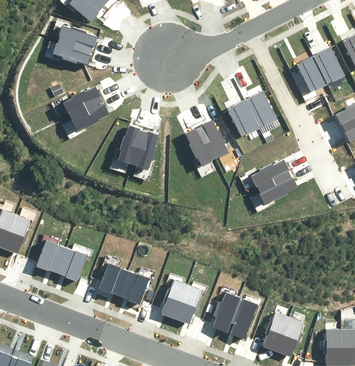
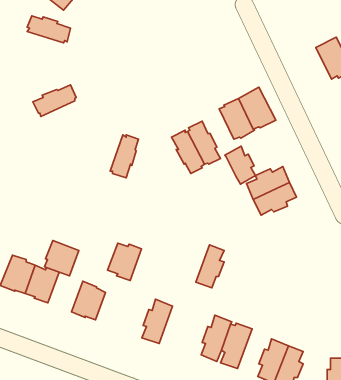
building: [53,40,91,65] -> none
building: [295,54,327,91] -> none
building: [70,101,109,129] -> none
building: [117,126,142,164] -> none
building: none -> [225,146,256,184]
building: none -> [44,240,79,276]
building: [118,270,148,303] -> [108,243,142,281]
building: [174,282,199,320] -> [196,245,224,288]

